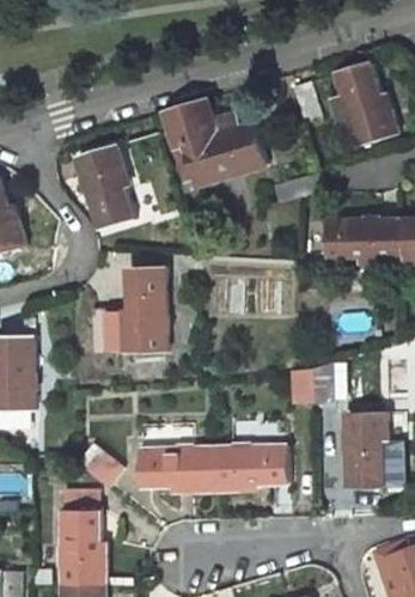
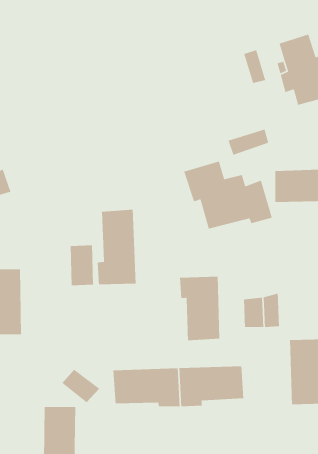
building: [165,99,268,178] -> [183,161,273,229]
building: [73,145,132,231] -> none
building: none -> [179,276,220,341]

